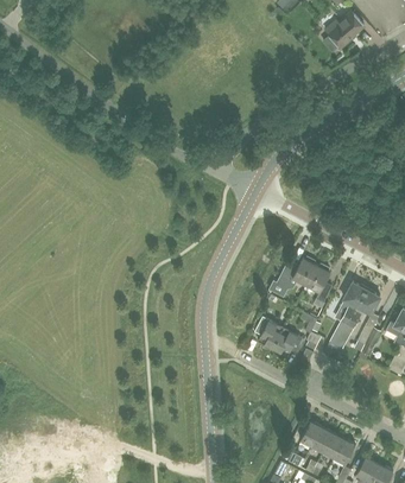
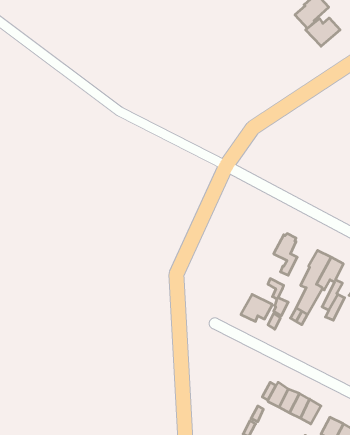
building: none -> [306,18,340,46]
building: [277,256,317,288] -> none
building: [254,317,284,349] -> none

